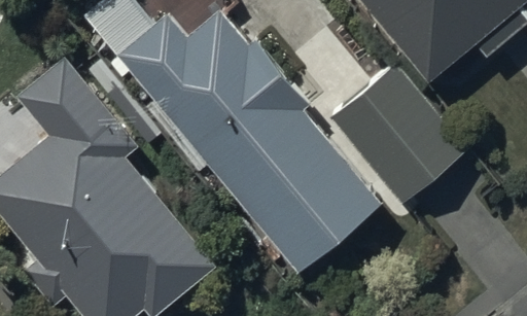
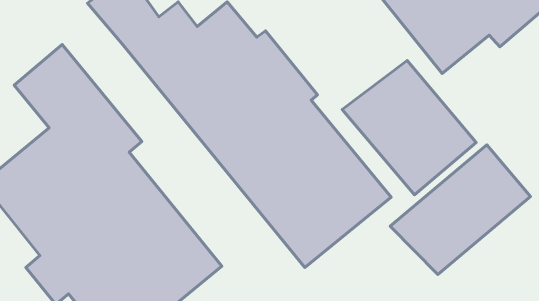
building: none -> [390,145,530,275]

